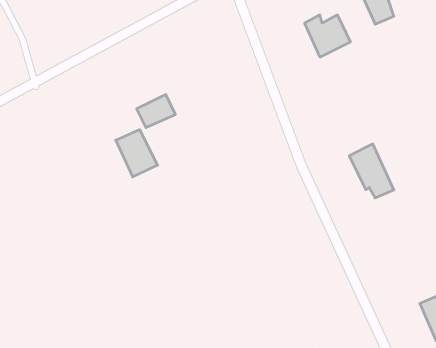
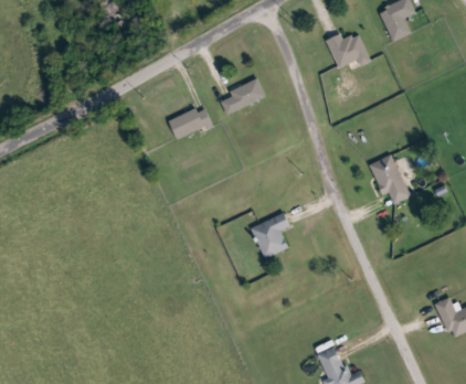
building: none -> [221,77,266,114]
building: [116,130,158,177] -> none
building: none -> [251,212,290,258]

